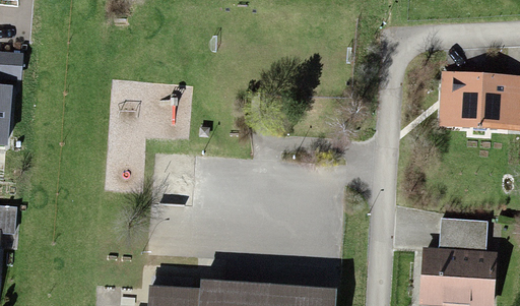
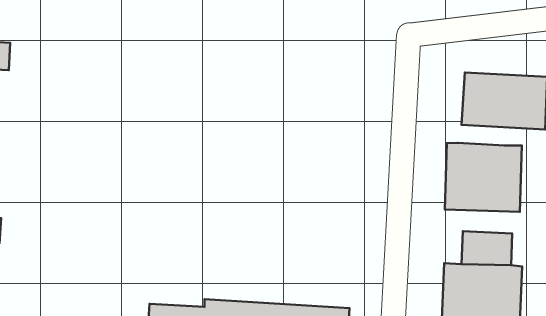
building: none -> [445,143,522,212]

